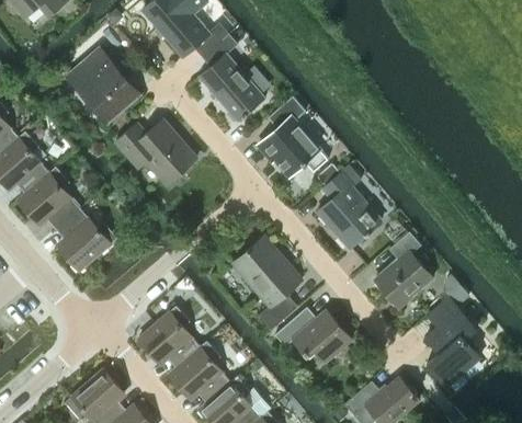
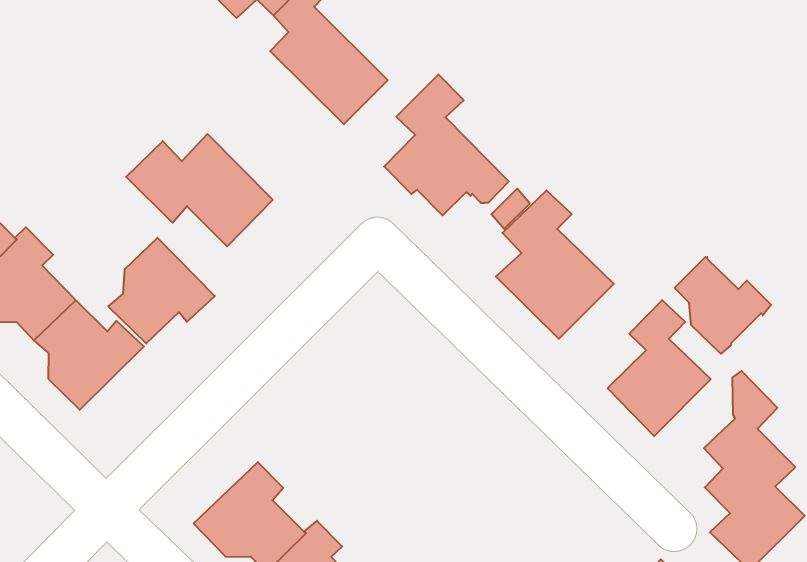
building: [67,49,139,123] -> none
building: none -> [108,238,215,344]
building: none -> [675,257,771,354]
building: [234,238,300,331] -> none
building: [275,310,352,363] -> none

